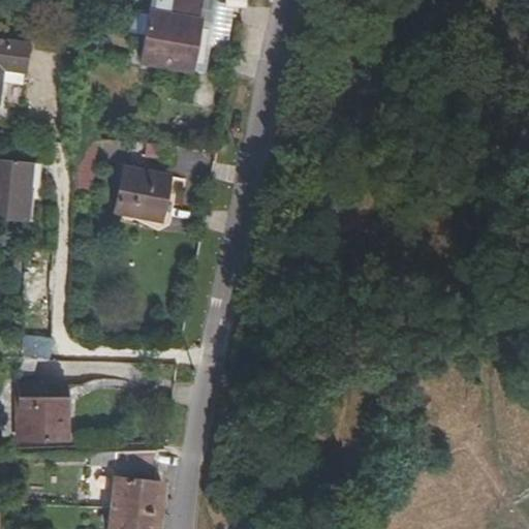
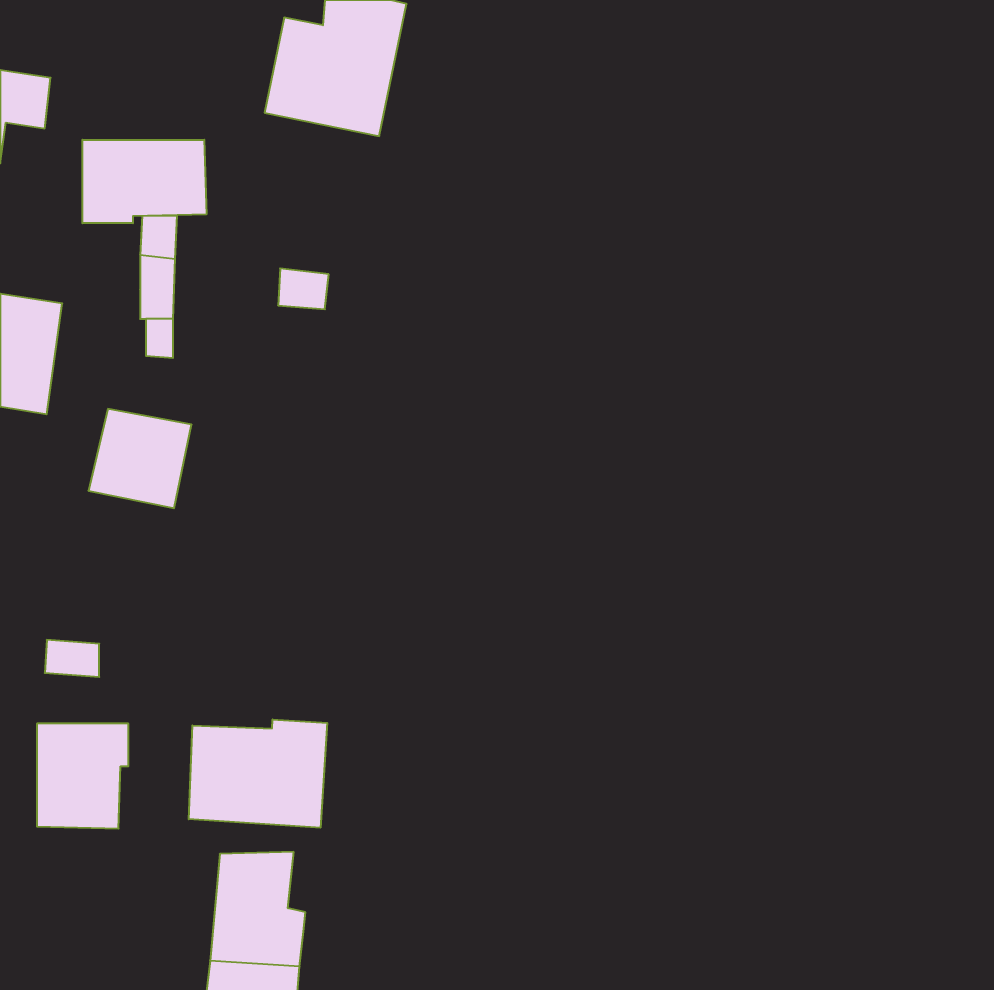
building: none -> [82,140,206,223]
building: [115,169,169,222] -> [88,409,192,508]
building: none -> [189,719,327,828]

